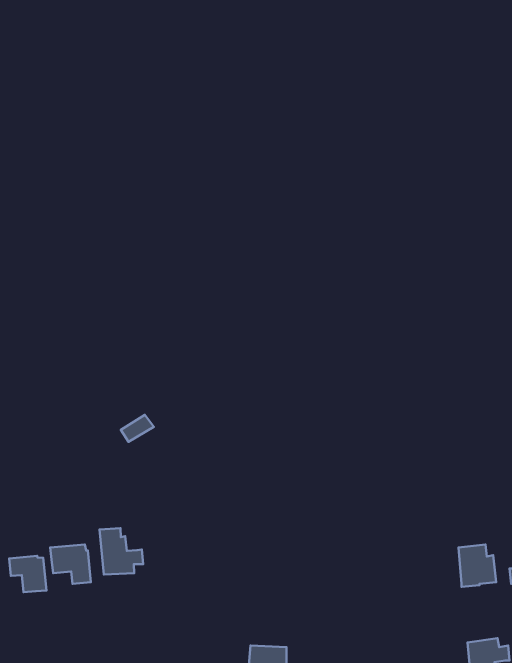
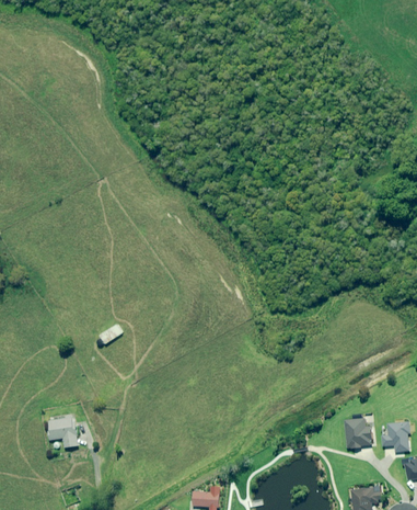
building: [99,528,143,575] -> none
building: [9,556,46,592] -> none

